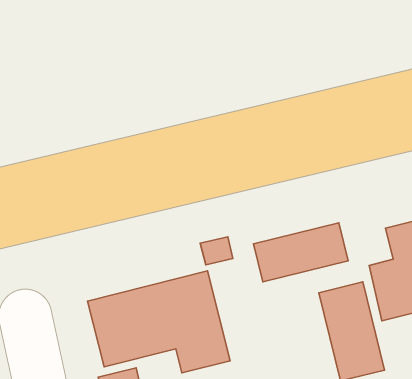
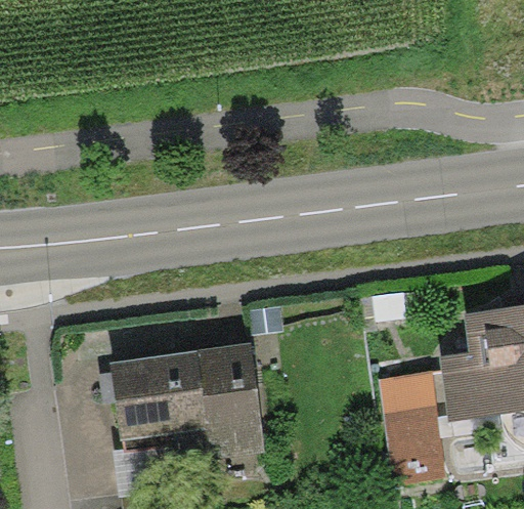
building: [253,223,348,282] -> none

